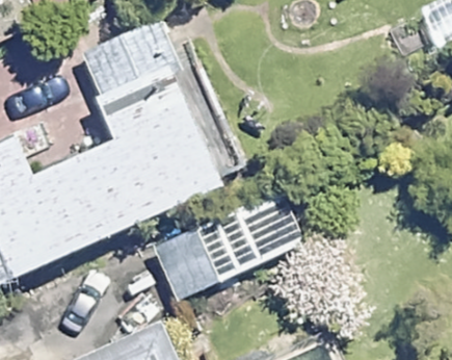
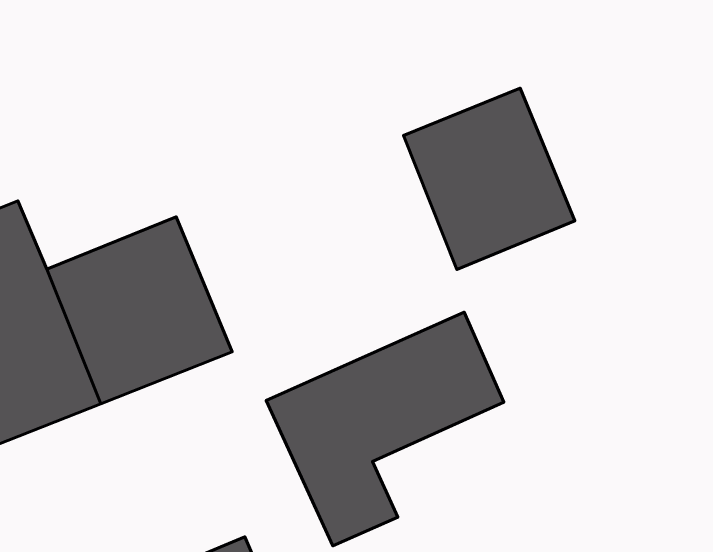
building: [98,60,219,215] -> none
building: none -> [404,88,575,270]

